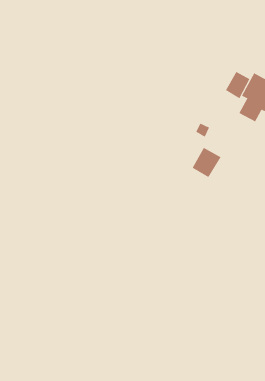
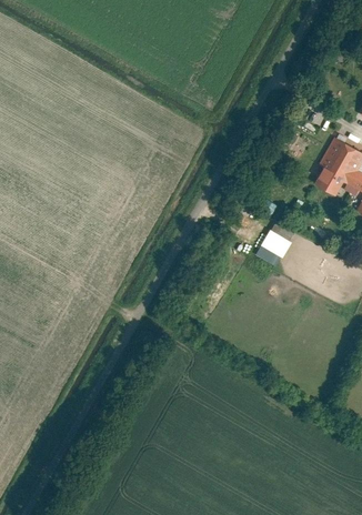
building: [225,71,250,99] -> none

